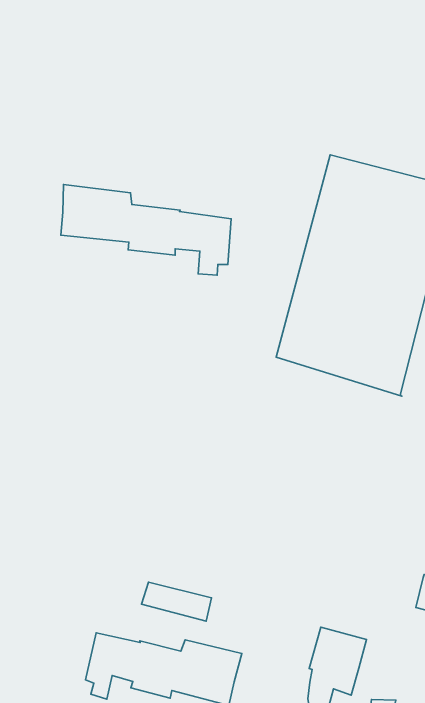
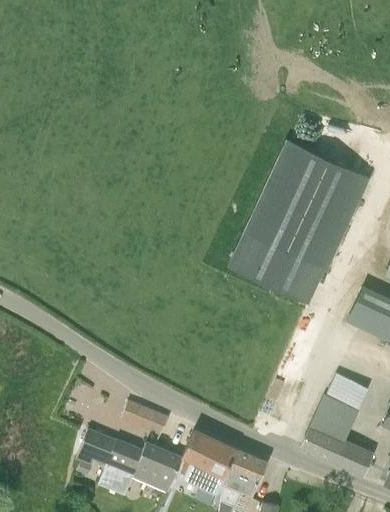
building: [61,184,231,275] -> none
building: none -> [181,430,236,492]

